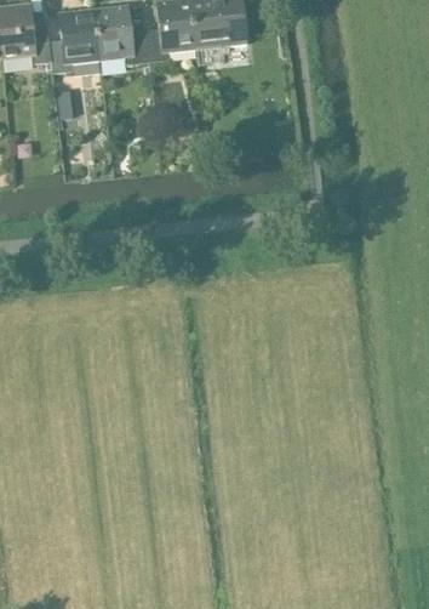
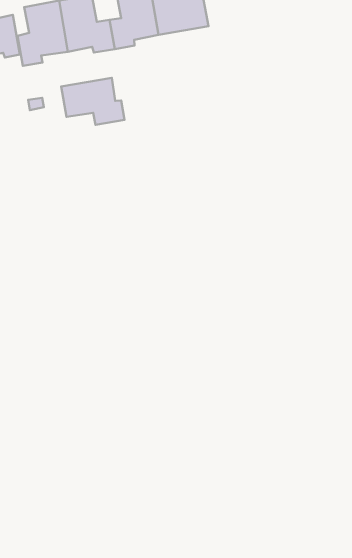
building: none -> [61,78,124,125]

